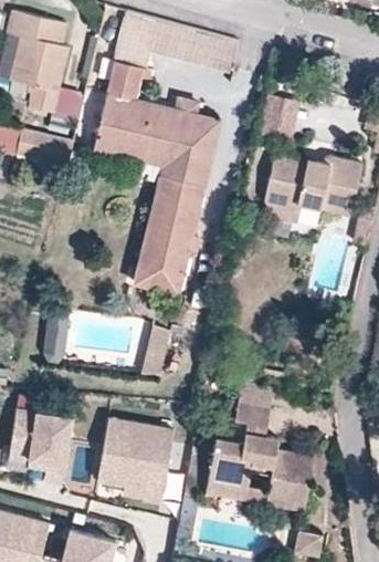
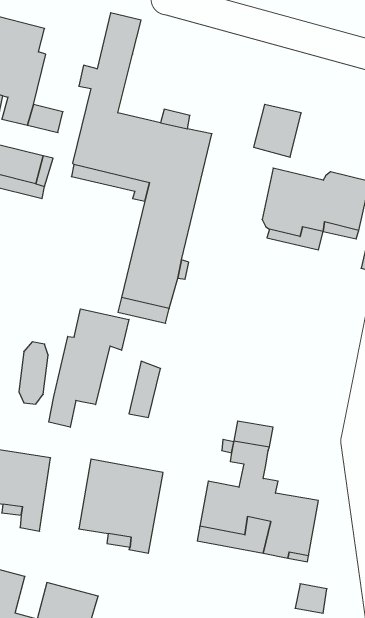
building: [147,19,236,72] -> none
building: none -> [49,309,129,427]

